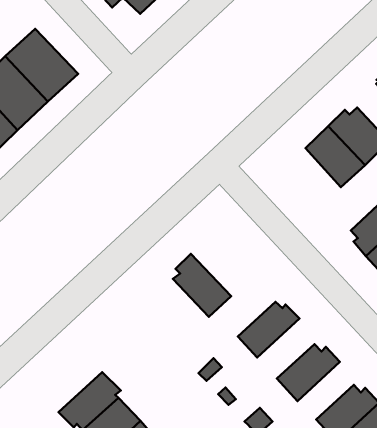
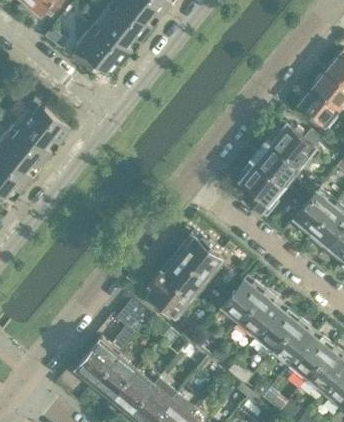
building: none -> [240,160,282,207]
building: none -> [175,233,225,280]
building: none -> [148,271,195,318]
building: none -> [76,298,151,386]
building: none -> [236,290,278,338]
building: none -> [271,319,312,365]

